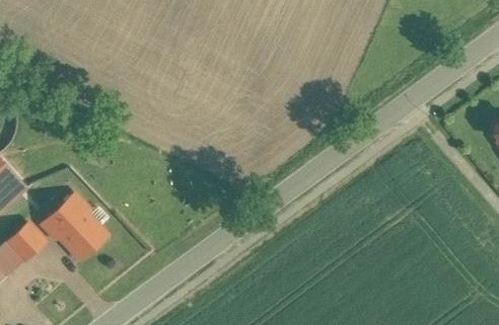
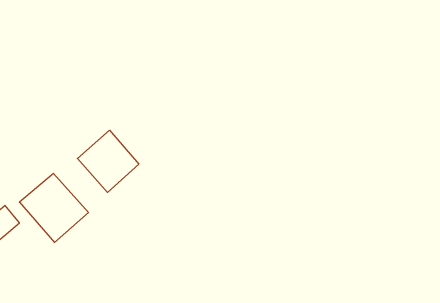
building: none -> [77,130,139,192]

